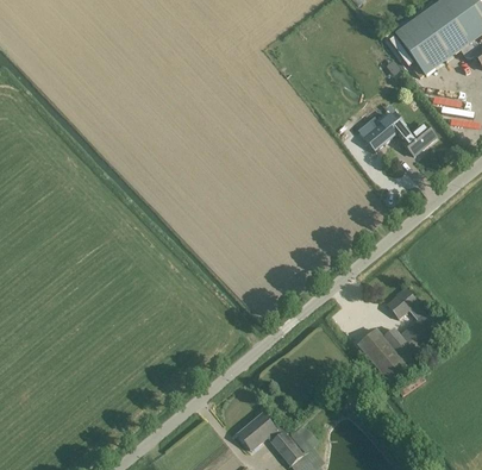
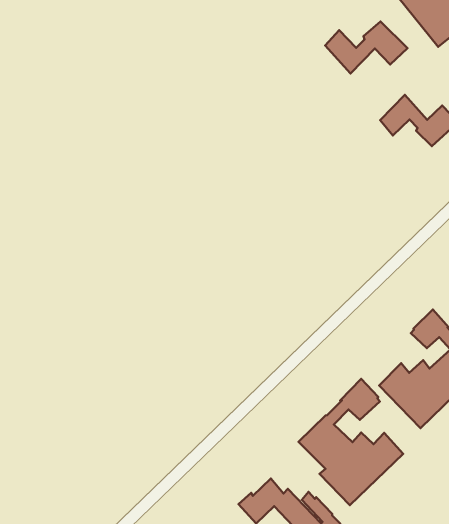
building: none -> [325,21,407,73]
building: none -> [299,379,403,505]

